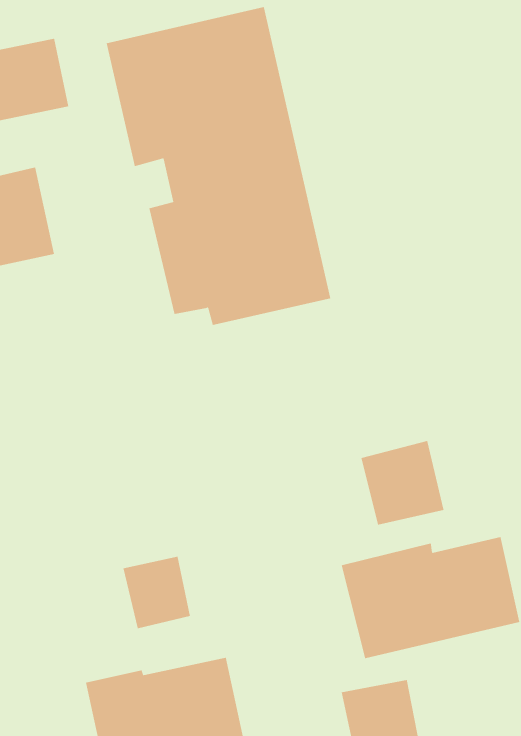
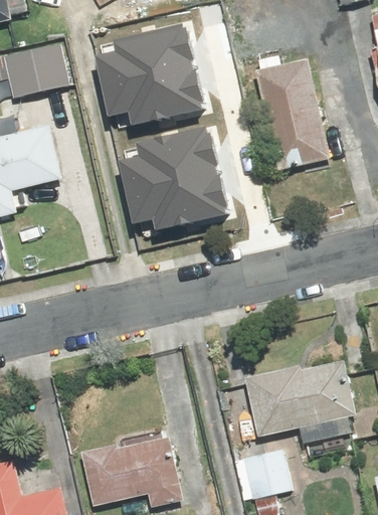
building: none -> [254,49,331,172]
building: [361,440,444,526] -> none
building: [123,556,191,629] -> none

